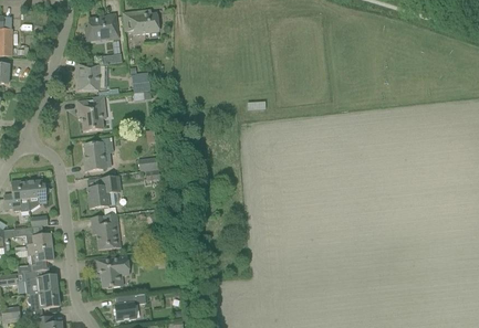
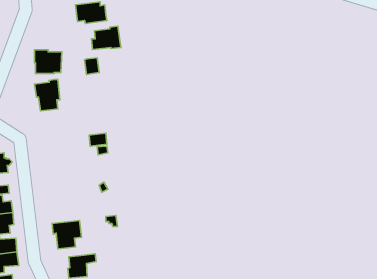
building: [85,13,118,40] -> [91,26,121,50]
building: [83,137,113,171] -> none
building: [87,177,119,209] -> none
building: [91,214,121,250] -> none

